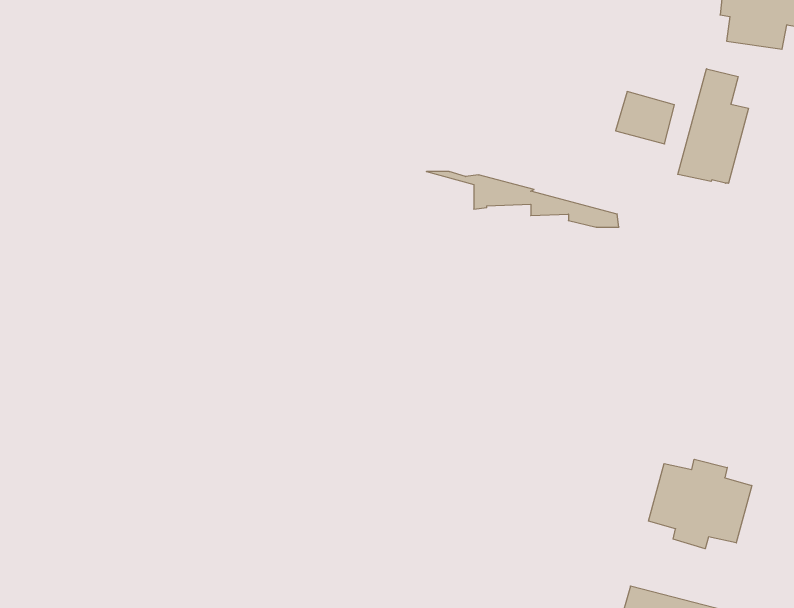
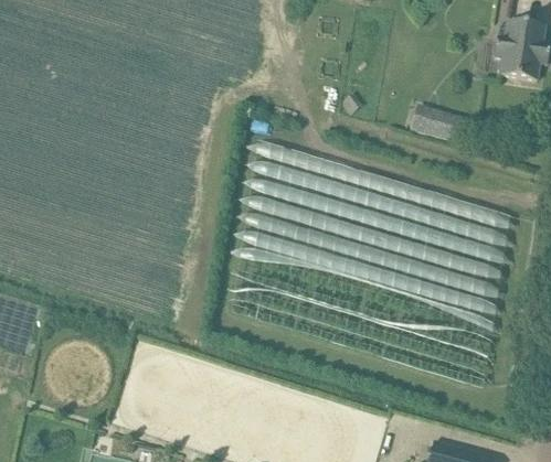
building: [678,69,748,183] -> none
building: [649,459,752,549] -> none

